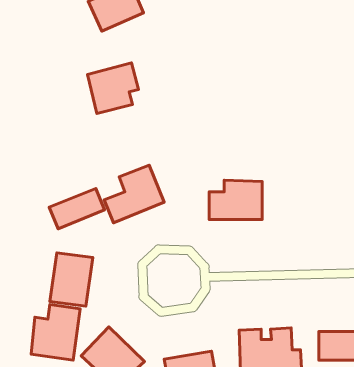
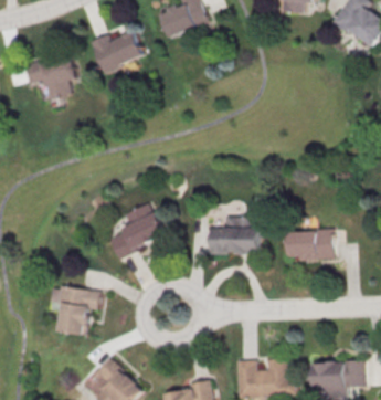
building: [88,63,138,114] -> [29,53,77,102]
building: [49,188,105,229] -> none
building: none -> [288,230,332,259]
building: [31,305,80,360] -> none

